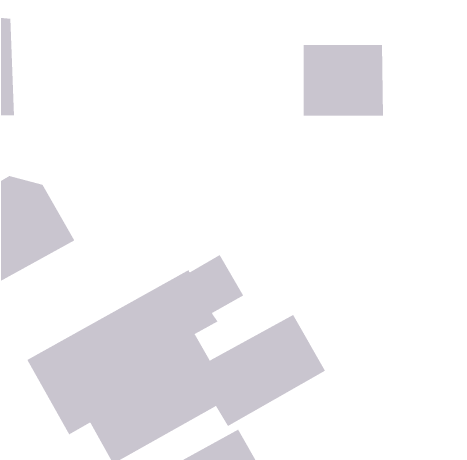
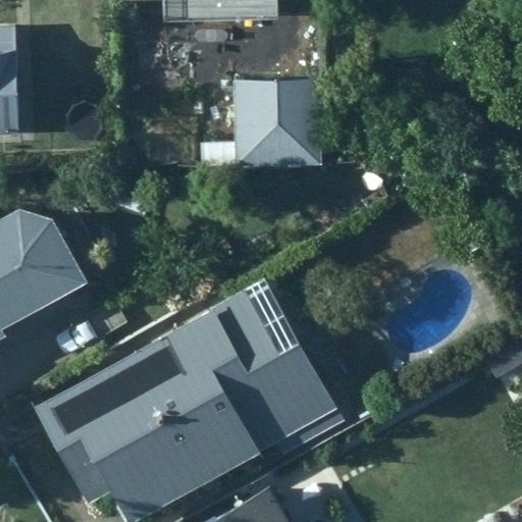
building: [303,44,384,116] -> [230,82,320,161]

